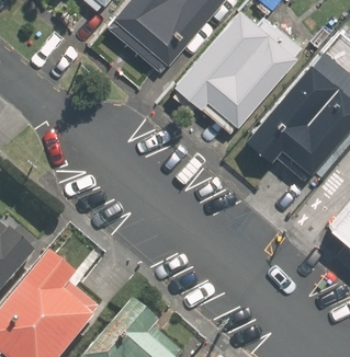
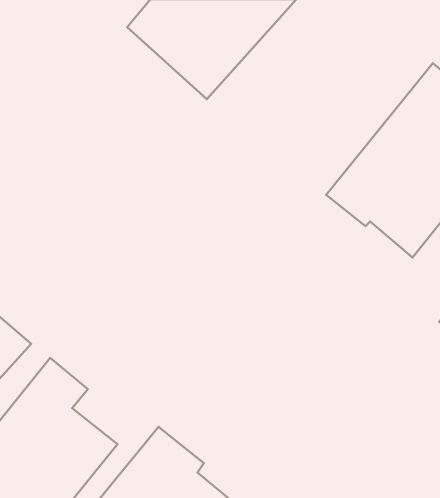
building: [174,5,305,125] -> none

